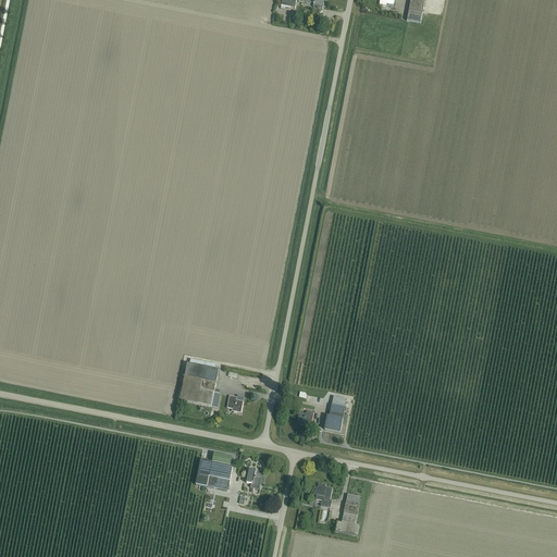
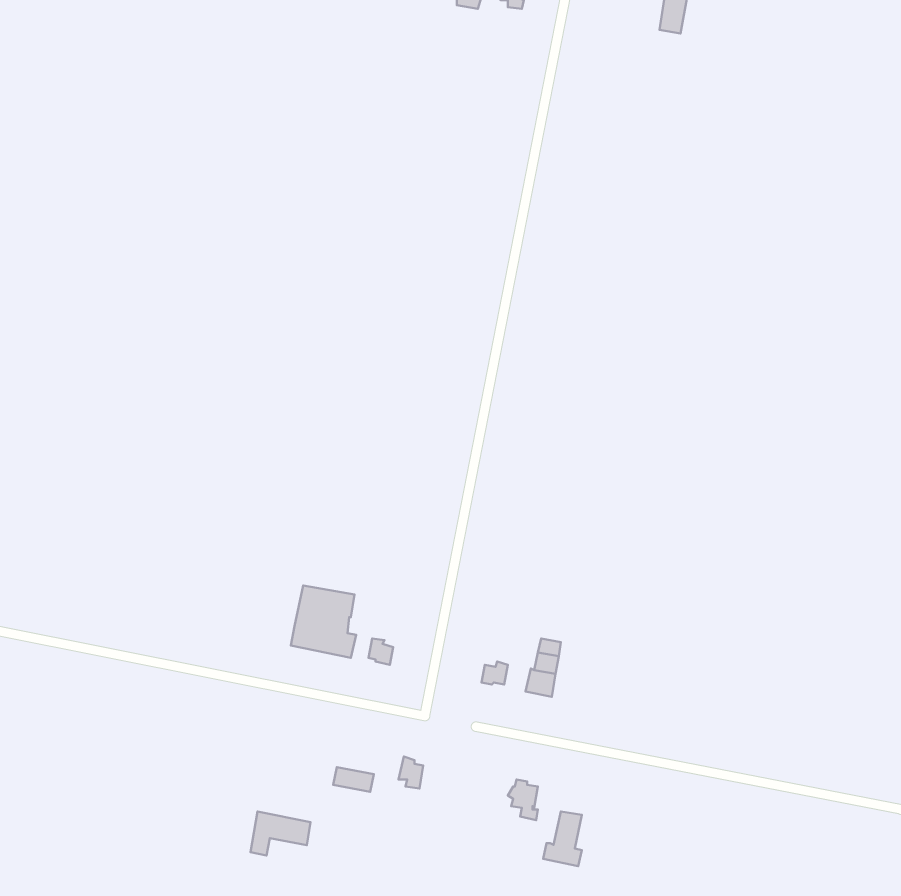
building: [196,457,233,484] -> [251,812,310,856]

